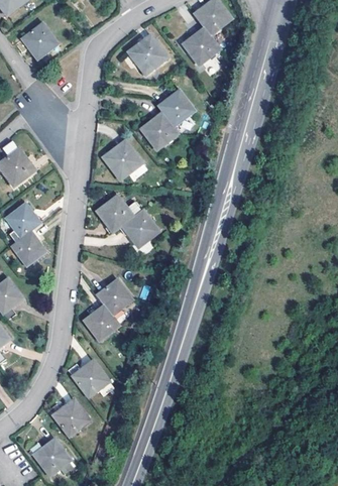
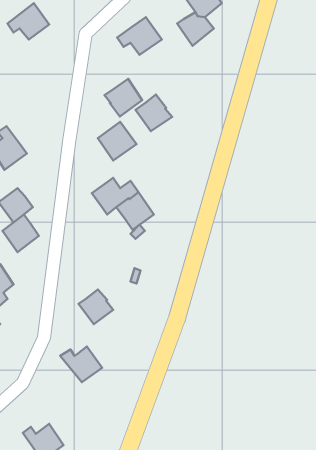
building: [157,88,195,125] -> [105,79,142,116]
building: [98,278,133,316] -> none
building: [47,399,89,435] -> none

